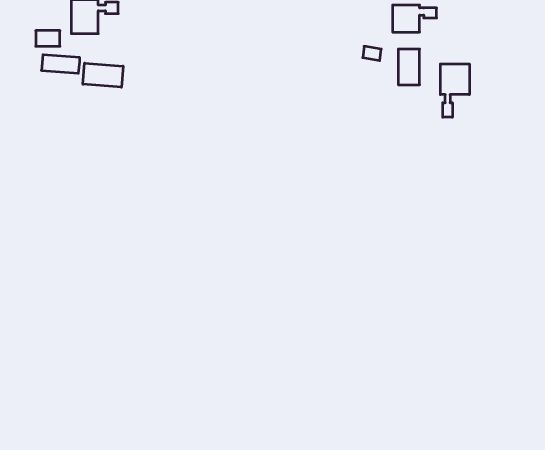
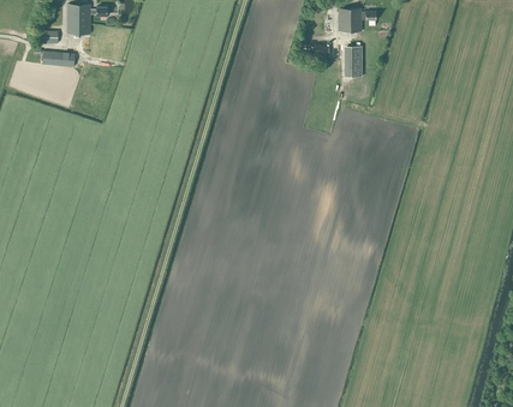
building: [83,63,123,87] -> none
building: [440,64,469,117] -> none

